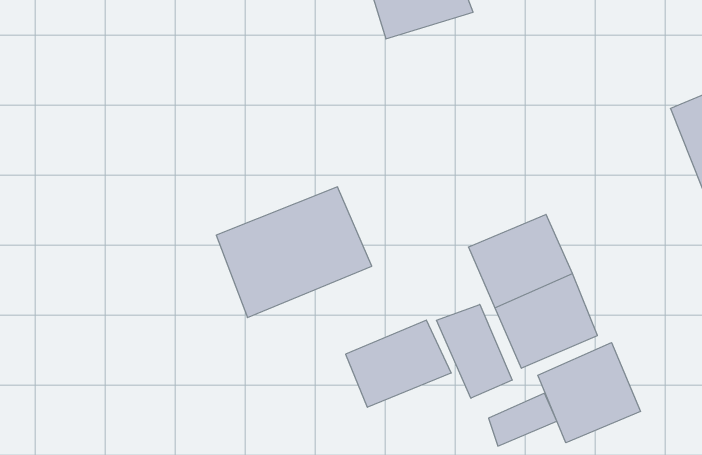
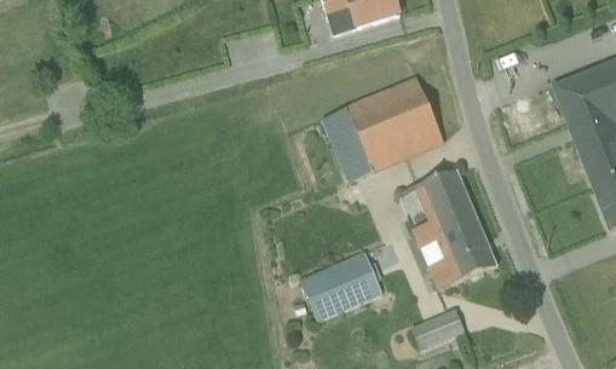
building: [216,187,372,318] -> [322,80,443,181]
building: [437,304,512,398] -> none
building: [538,343,641,443] -> none

